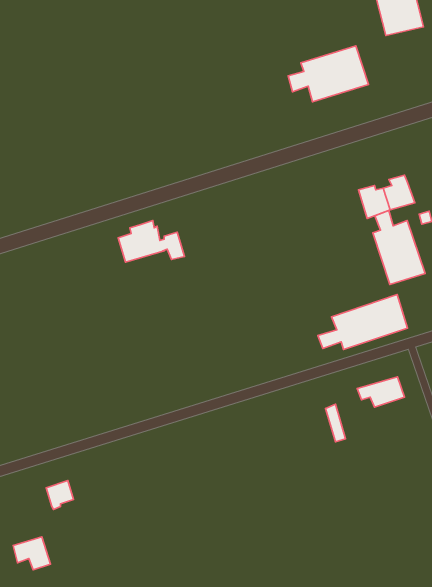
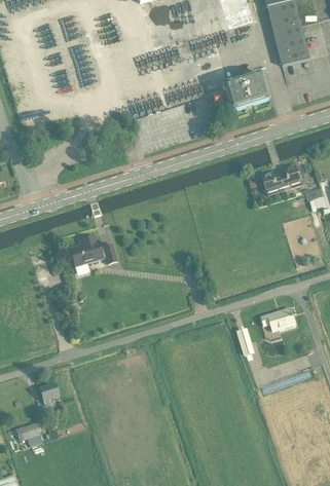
building: [373,210,425,284] -> none
building: [118,220,184,262] -> [70,234,117,264]
building: [318,294,407,349] -> none

